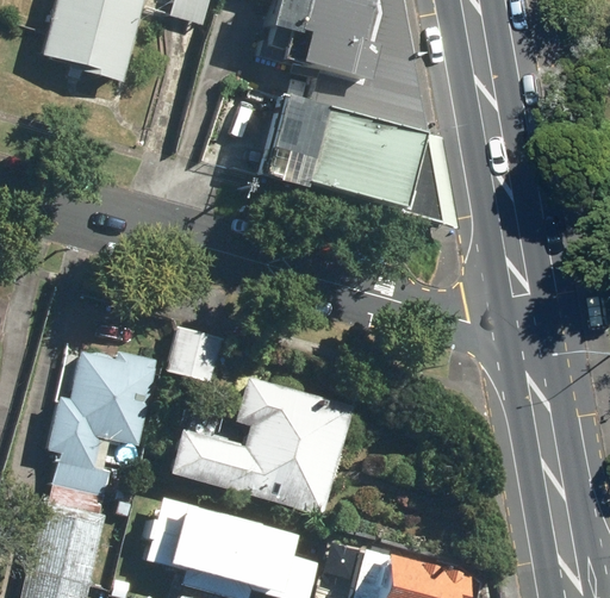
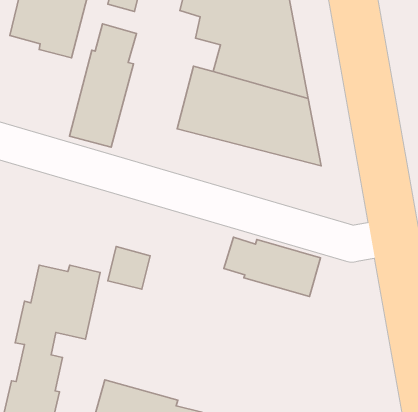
building: none -> [69,24,137,147]
building: none -> [224,237,321,296]
building: [169,375,354,516] -> none

